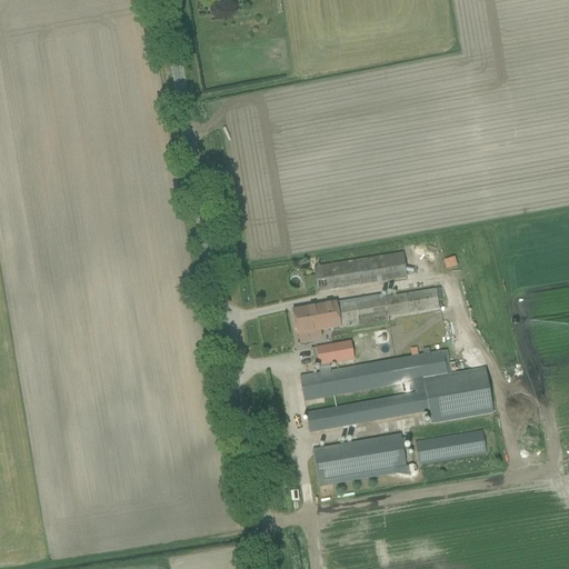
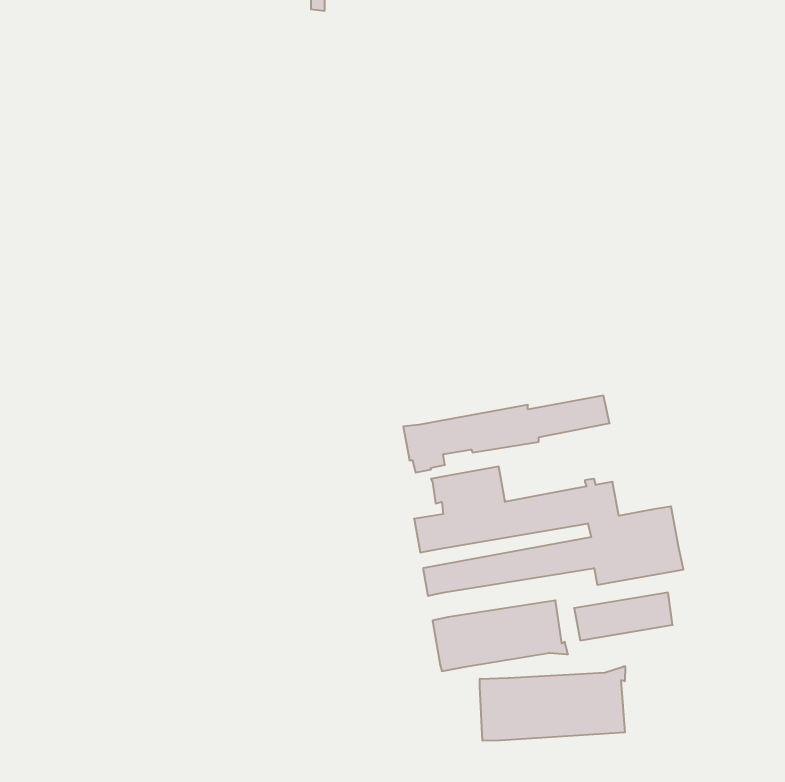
building: [310,246,408,290] -> none
building: none -> [480,666,625,741]

